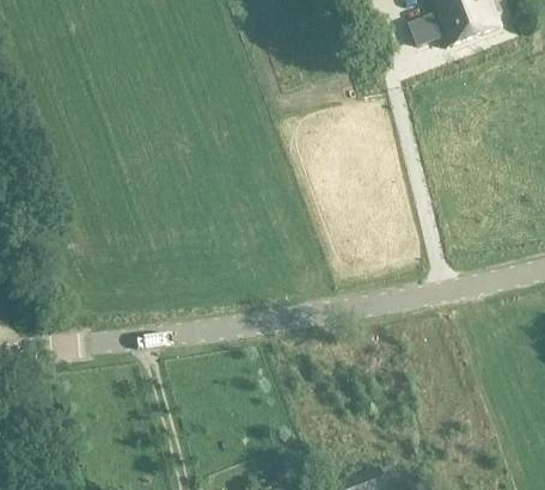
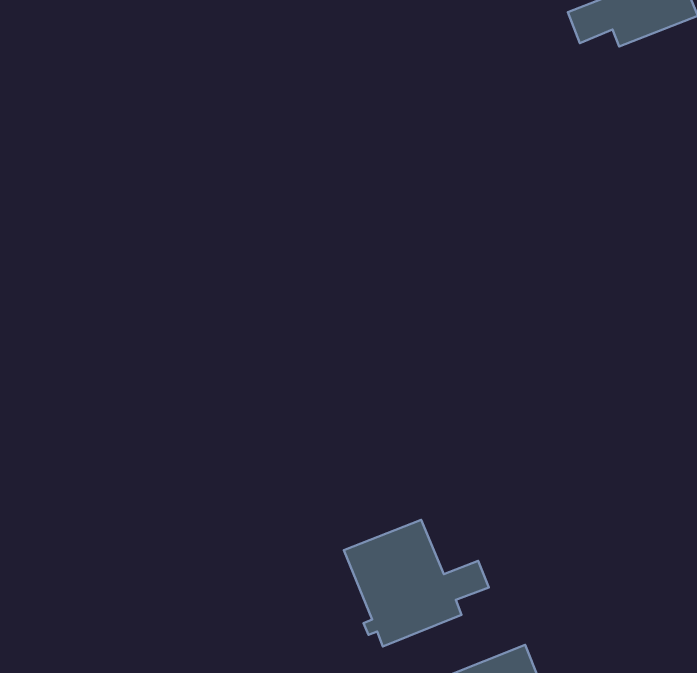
building: none -> [344,520,489,646]

